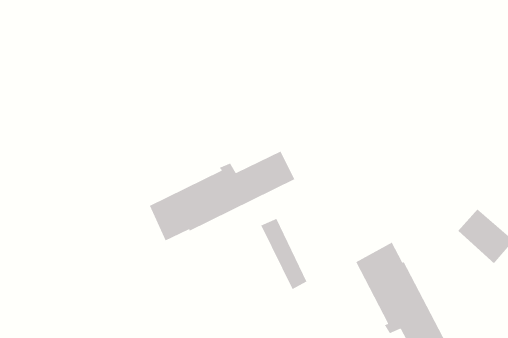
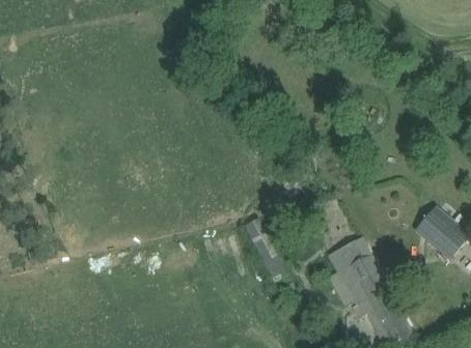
building: [149,151,296,242] -> none

